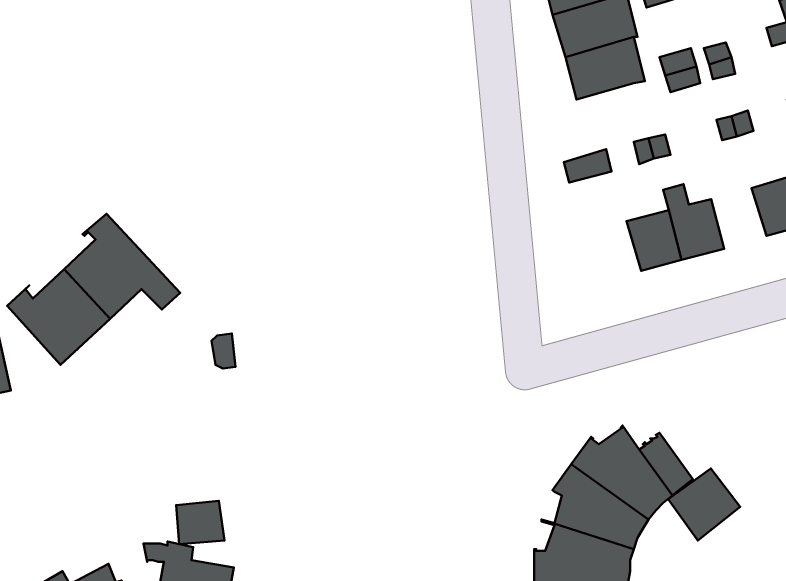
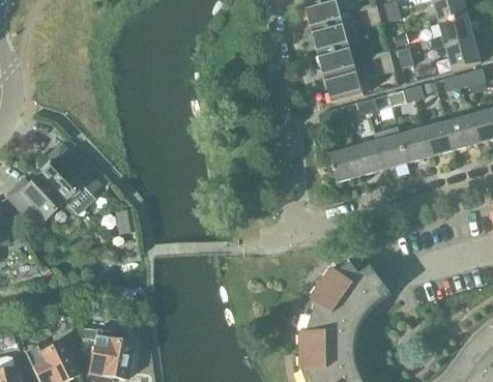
building: none -> [324,69,362,102]
building: none -> [400,128,431,163]
building: none -> [328,147,360,181]
building: [668,468,740,540] -> none
building: [176,501,224,544] -> none

